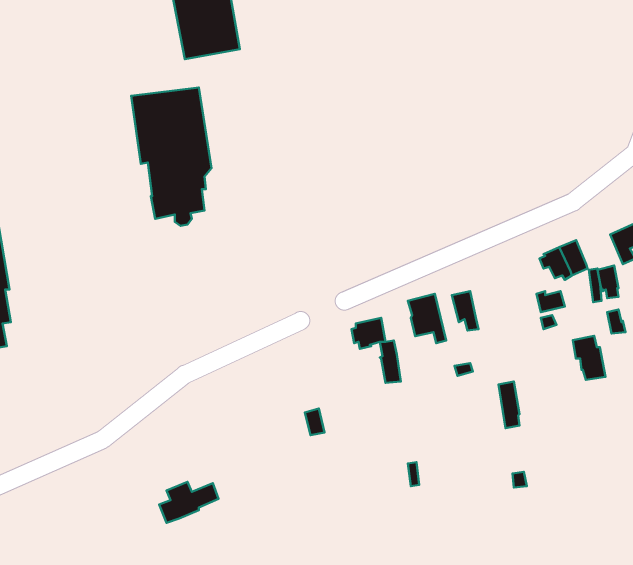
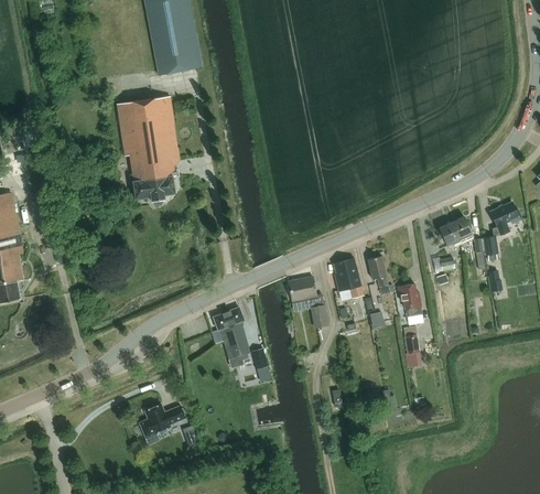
building: [573,336,605,380] -> [398,283,423,318]
building: none -> [213,307,250,359]

